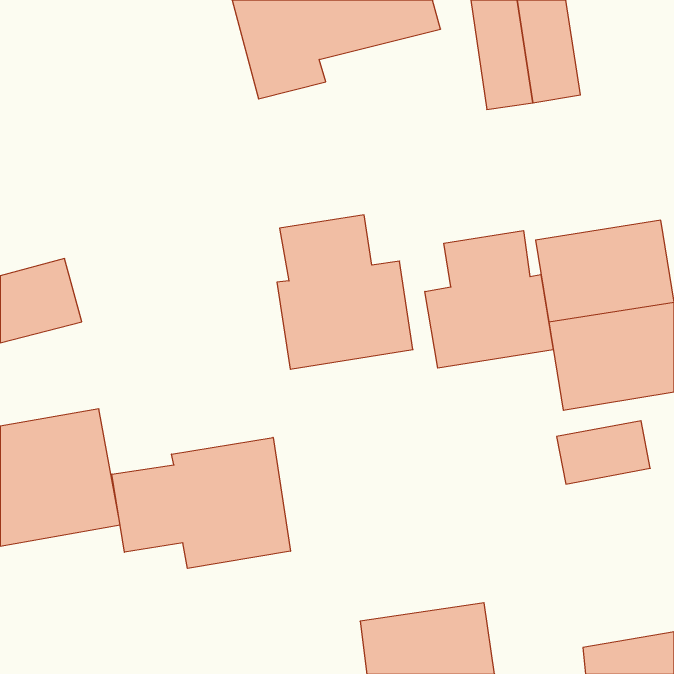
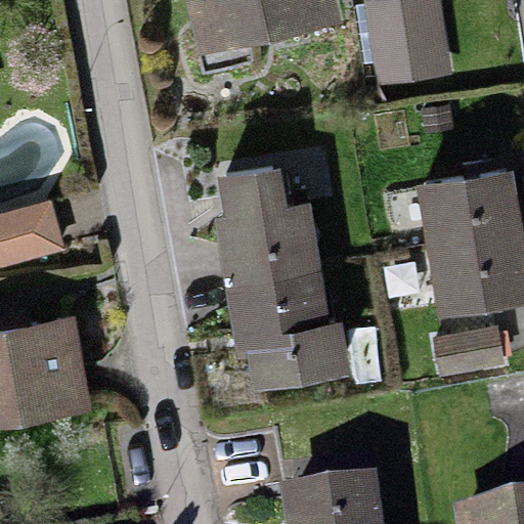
building: [425,231,553,368] -> none
building: none -> [225,271,352,391]
building: [112,437,290,568] -> none

